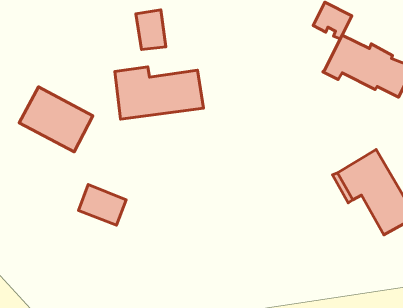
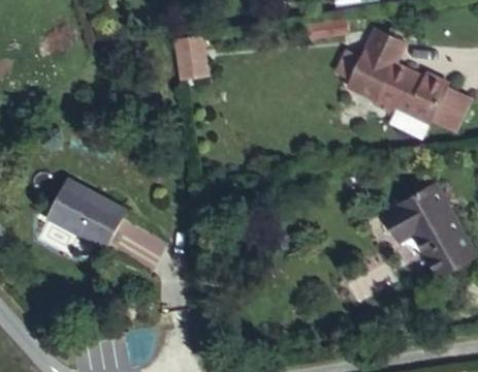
building: none -> [349,53,392,100]
building: [115,67,204,119] -> none
building: [19,87,93,152] -> [46,177,125,246]

